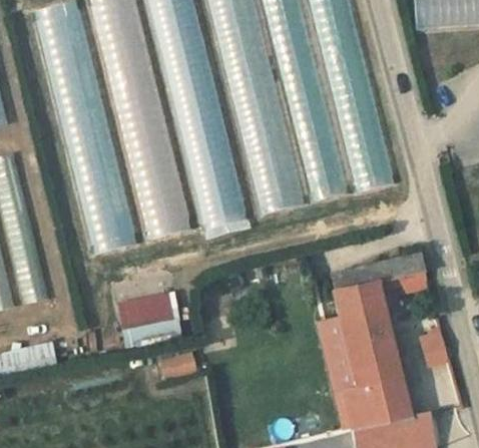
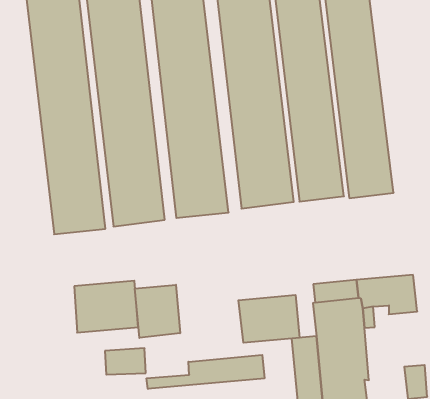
building: none -> [238,295,299,343]
building: none -> [135,285,180,338]
building: none -> [147,355,264,389]

